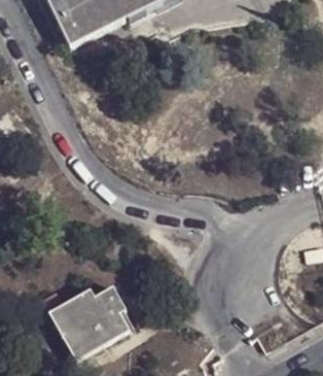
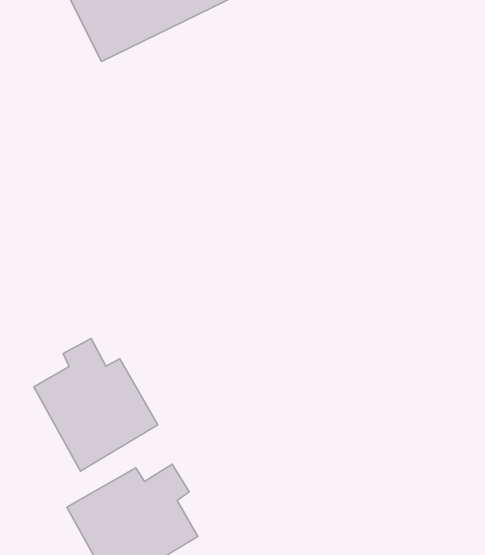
building: none -> [34,339,158,471]

